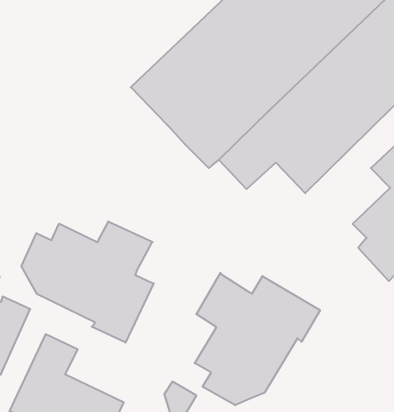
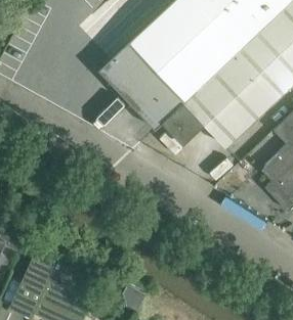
building: [21,221,154,343] -> none
building: [195,273,320,405] -> none

